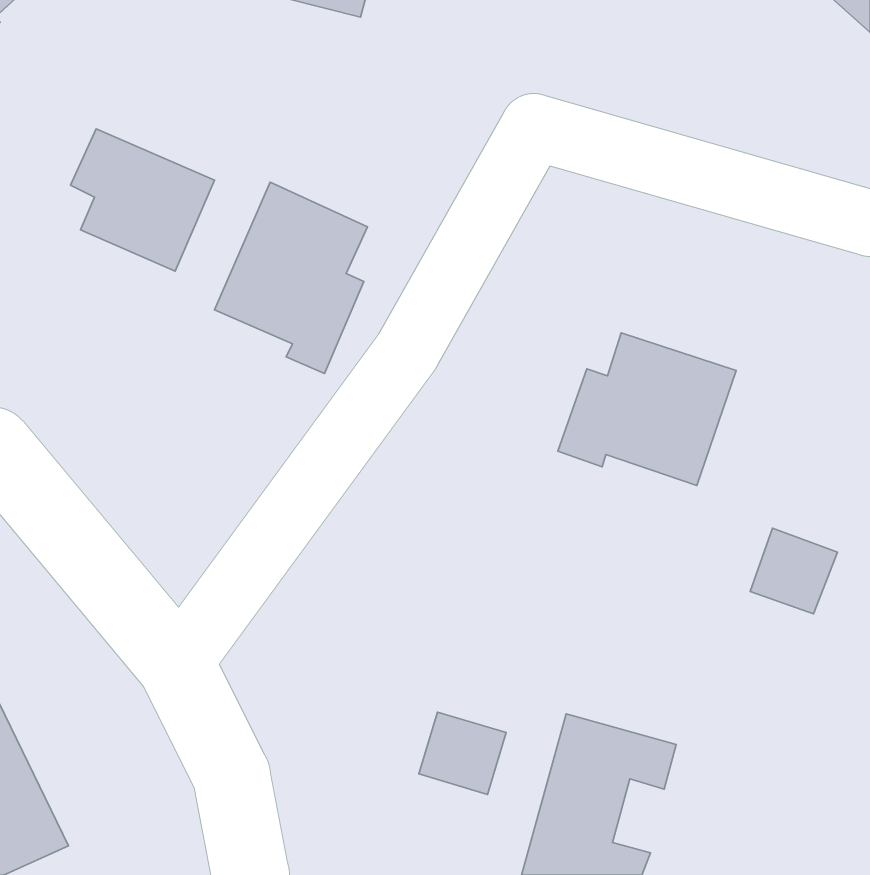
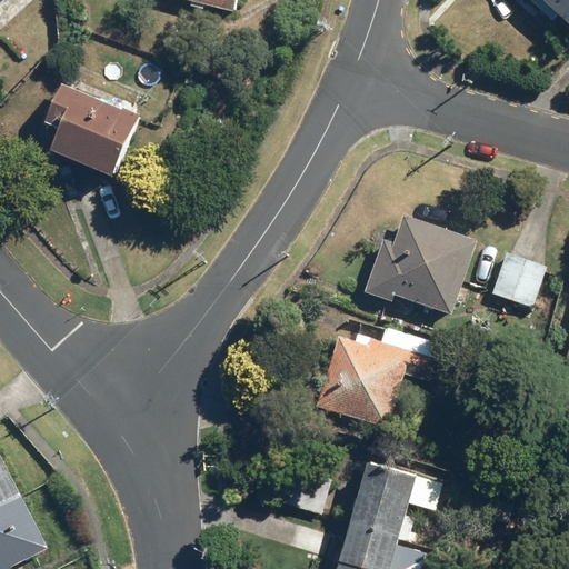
building: [215,182,367,373] -> none
building: none -> [315,327,440,428]
building: [750,528,838,614] -> [487,252,543,308]

